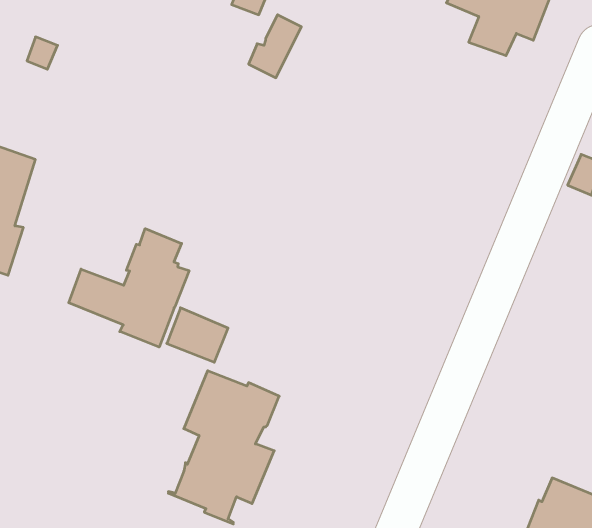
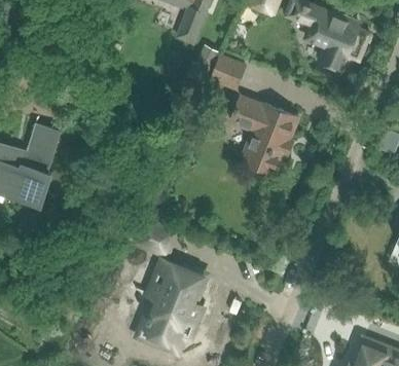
building: none -> [211,57,245,88]
building: none -> [230,97,298,175]
building: [69,229,189,347] -> none

